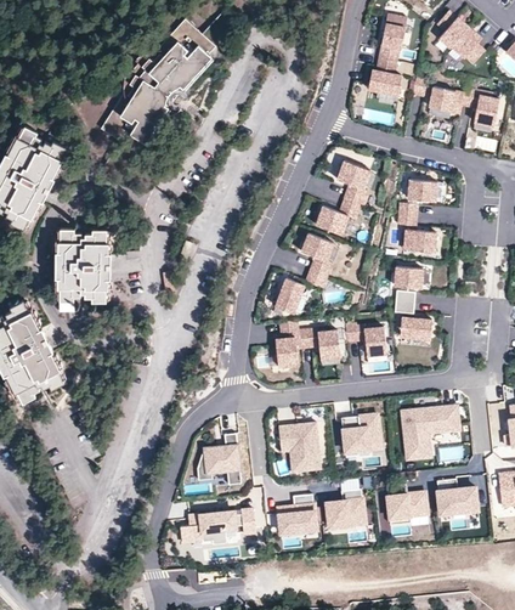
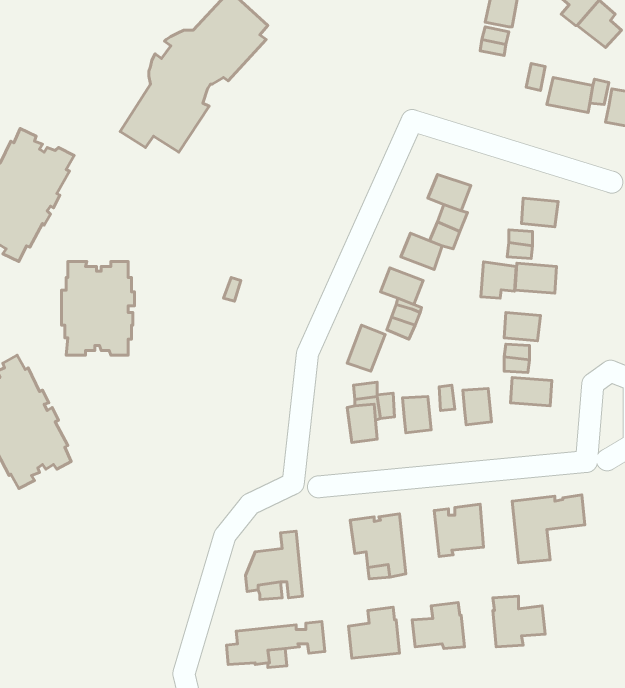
building: [369,70,402,95] -> none
building: none -> [481,262,516,298]
building: [437,480,477,515] -> none

